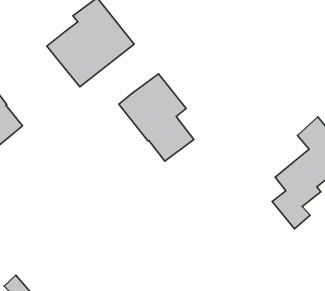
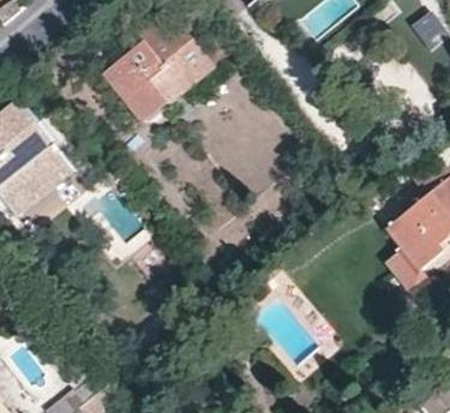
building: [119,74,194,161] -> none

